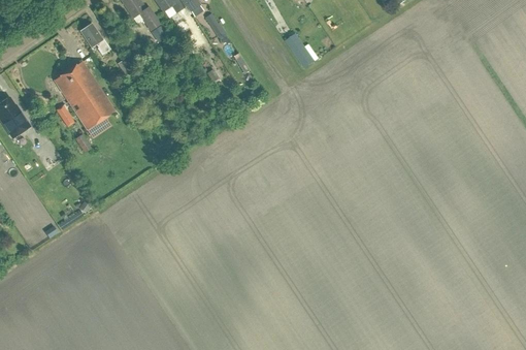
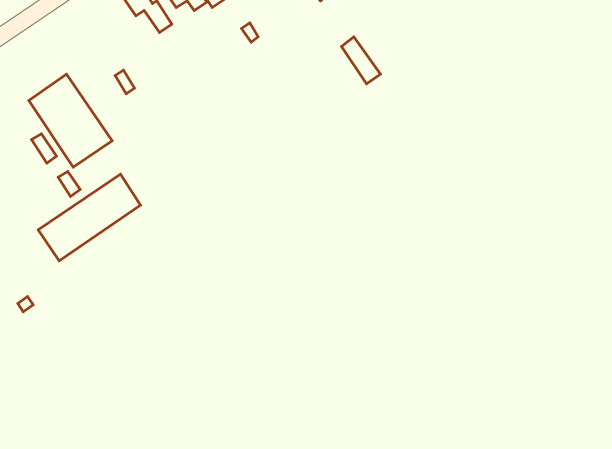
building: [79,23,109,54] -> none
building: none -> [38,174,140,261]

